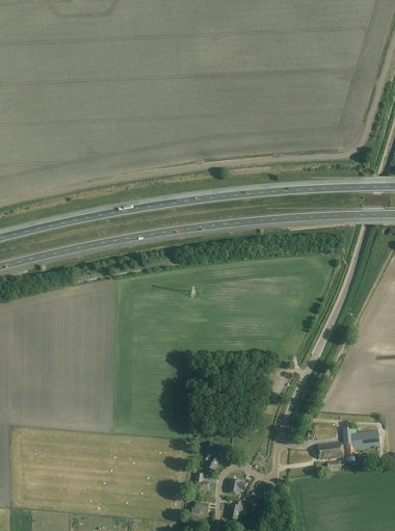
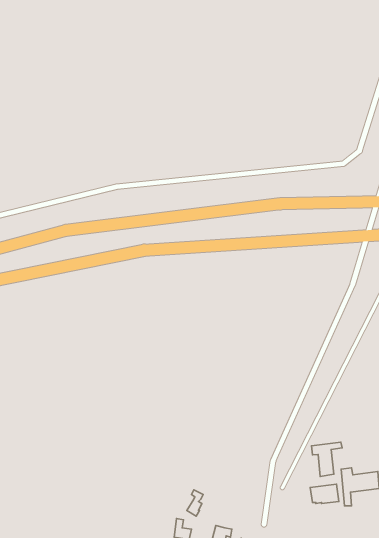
building: none -> [311,442,342,477]

